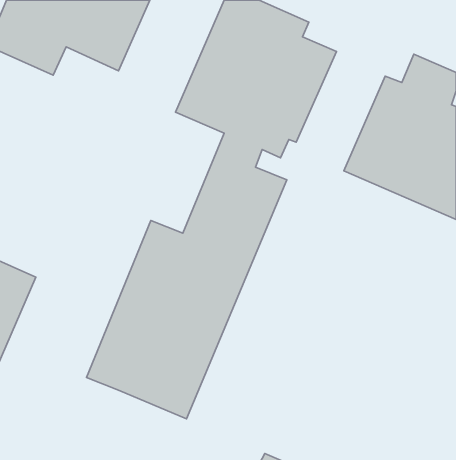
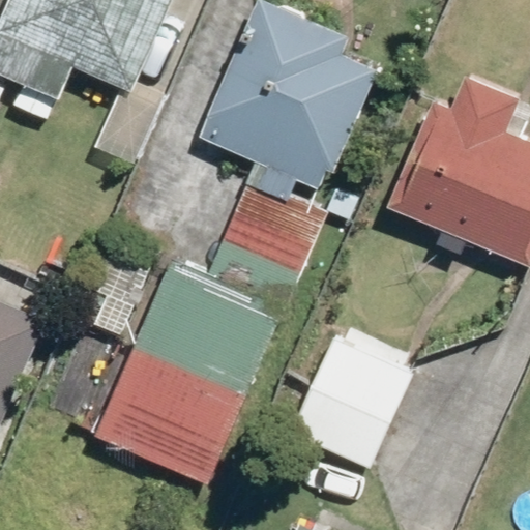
building: none -> [288,340,410,471]

